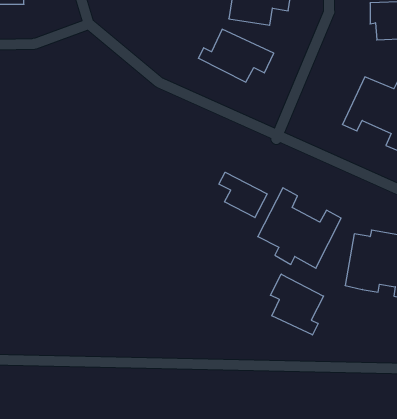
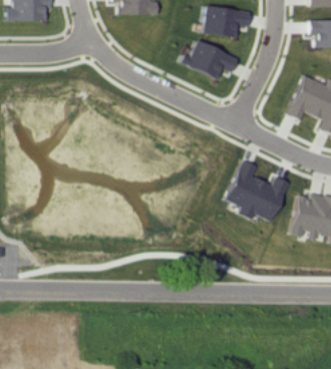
building: [219,172,267,218] -> none
building: [270,274,324,335] -> none

